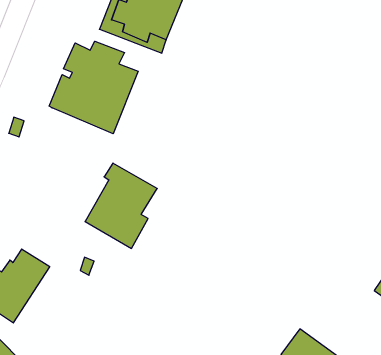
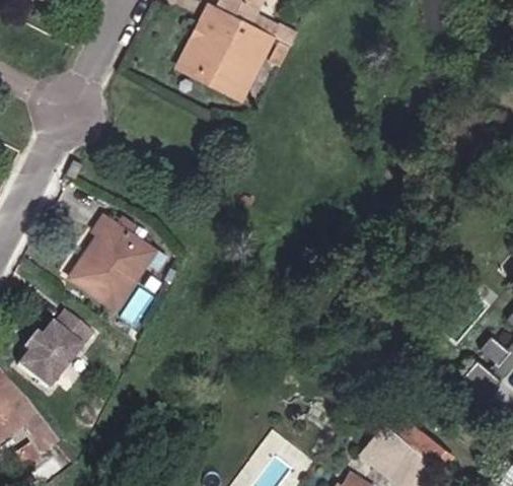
building: [49,41,138,134] -> none
building: [85,163,157,248] -> [70,215,153,311]

